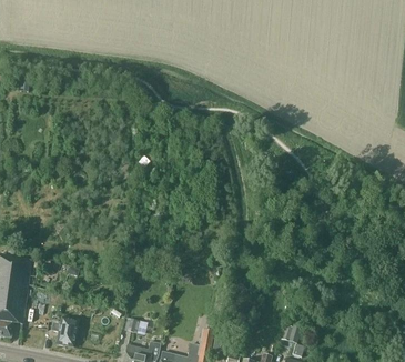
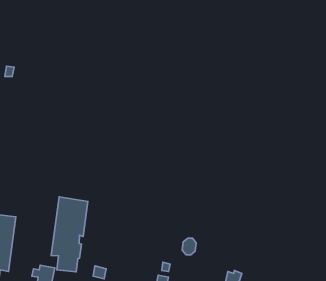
building: none -> [51,197,88,272]

